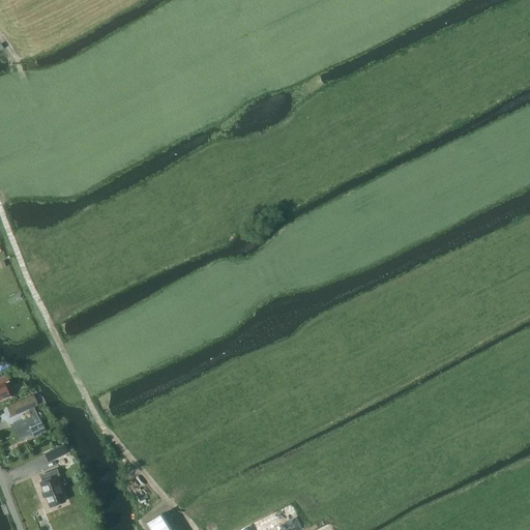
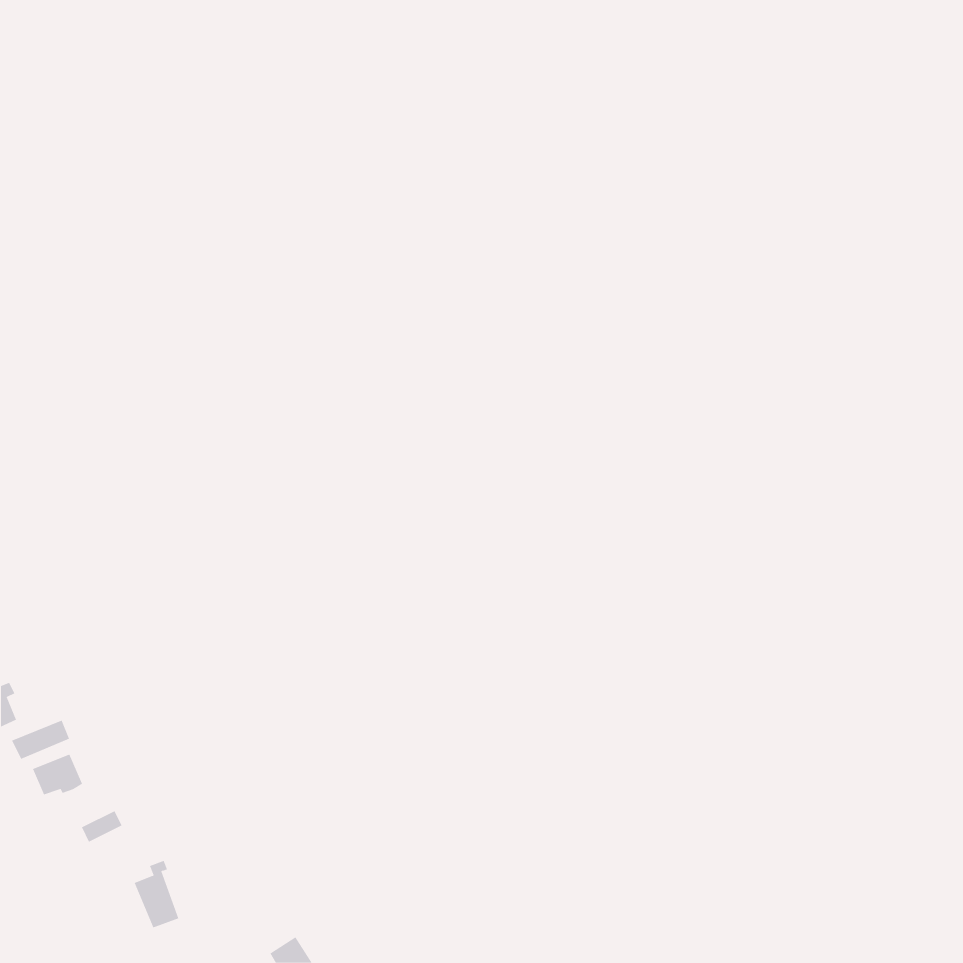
building: [39,470,64,507] -> [134,860,179,928]

